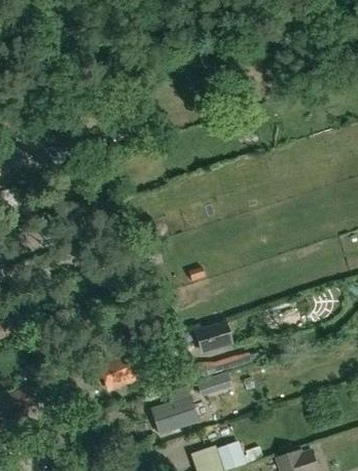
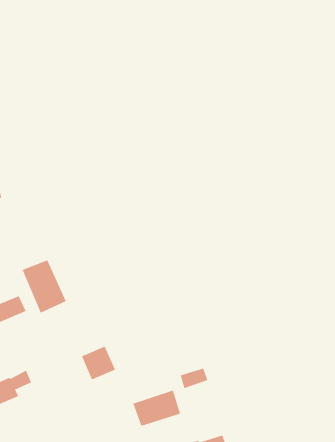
building: none -> [22,259,67,314]
building: [193,321,232,355] -> none

